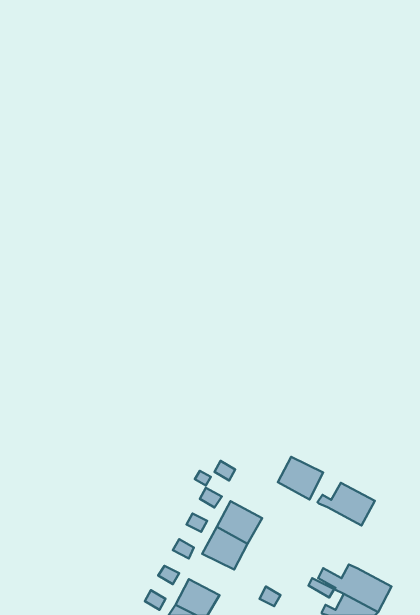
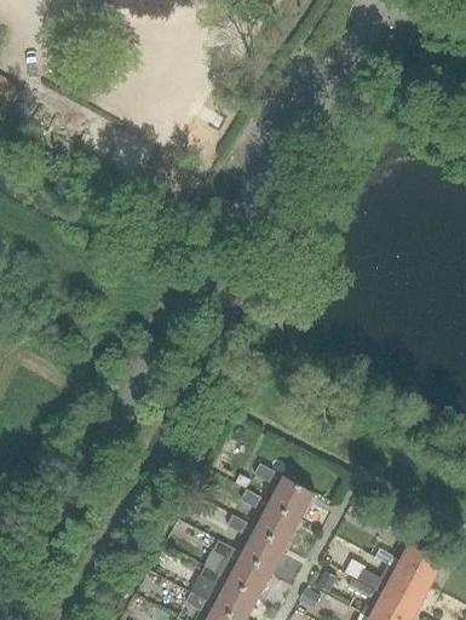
building: [278,457,323,499] -> [267,480,312,522]
building: [318,483,375,525] -> [384,547,441,590]
building: none -> [226,557,271,598]

